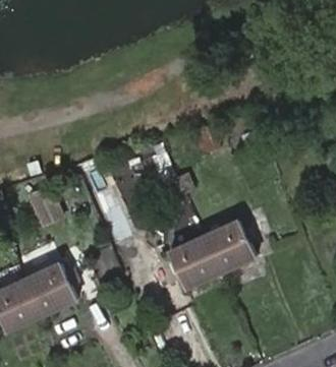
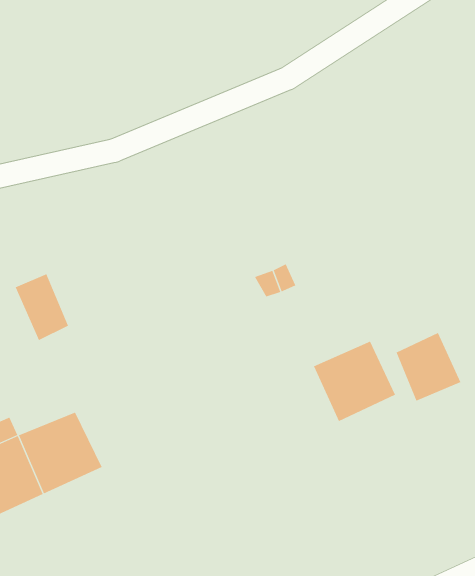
building: none -> [396,332,461,402]
building: [167,238,220,289] -> none

